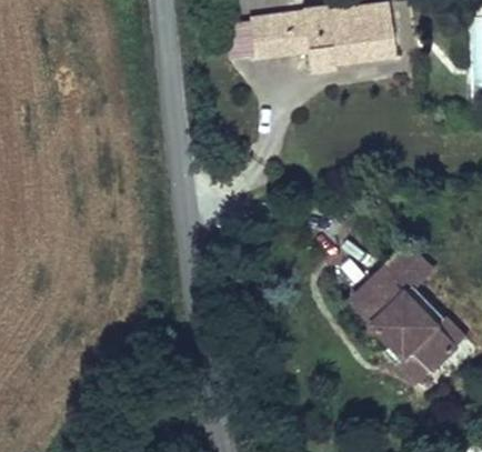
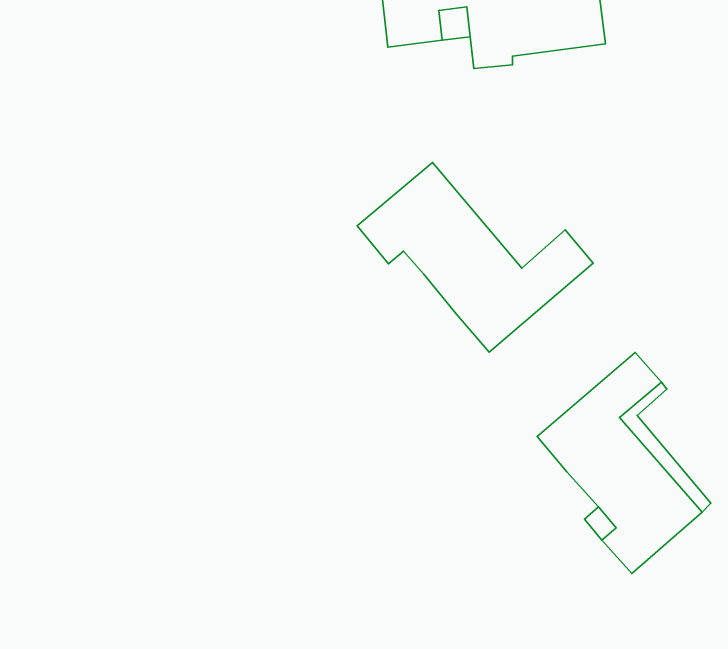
building: none -> [357,163,593,352]

